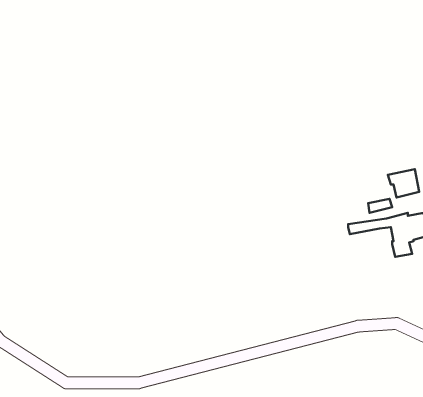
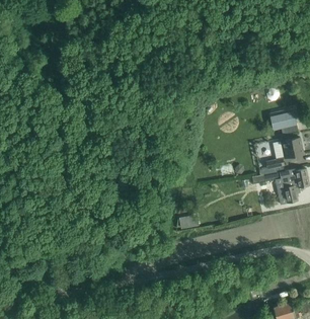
building: none -> [269,109,297,131]

